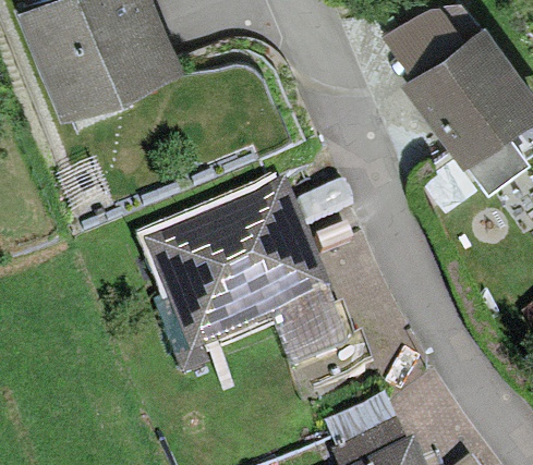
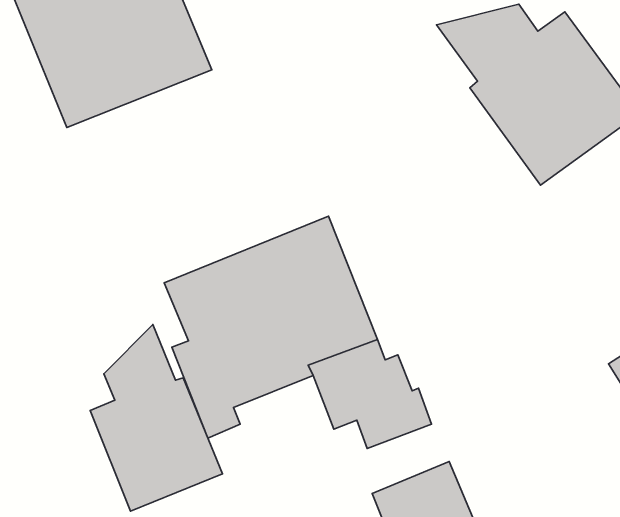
building: none -> [90,325,222,511]

